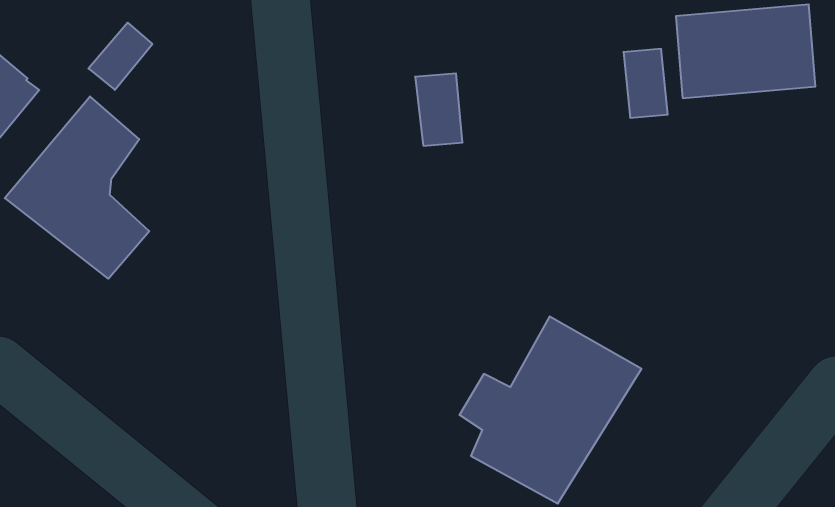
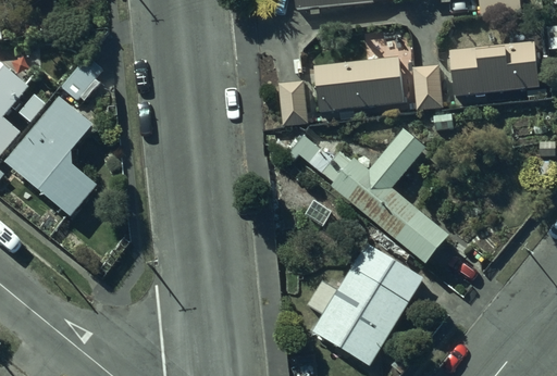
building: none -> [310,54,405,114]
building: none -> [285,128,451,266]

